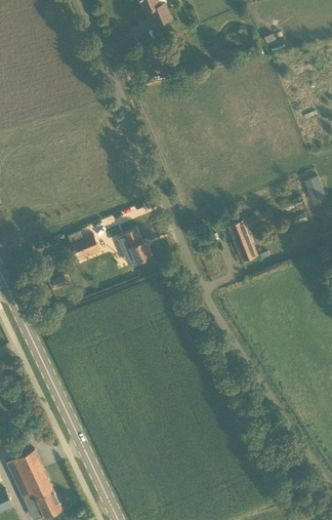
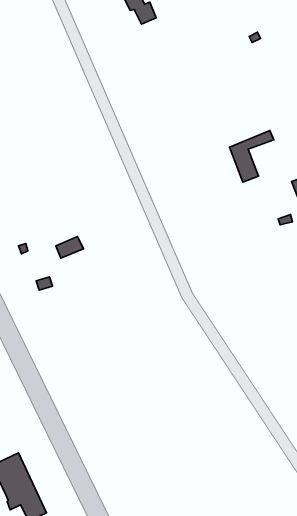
building: [229,210,273,262] -> [229,130,274,182]
building: [118,230,152,263] -> none

